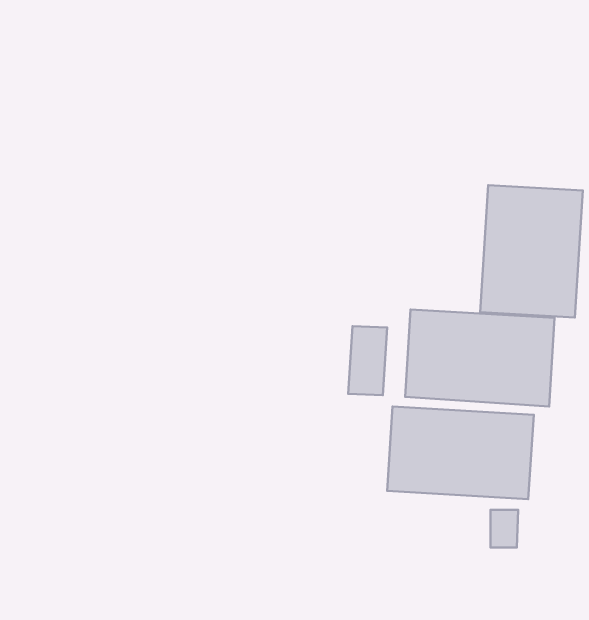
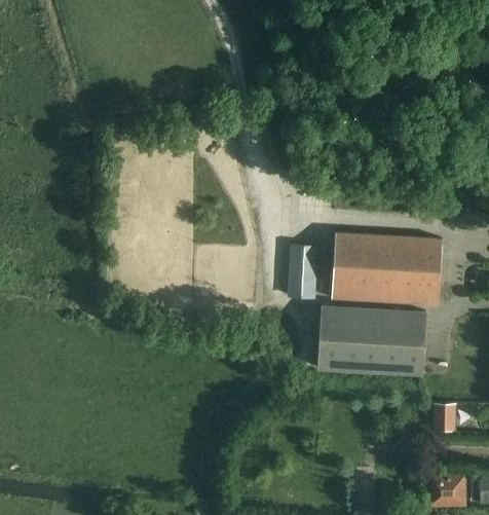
building: [480,185,583,318] -> none
building: [491,510,518,547] -> [434,404,454,432]

